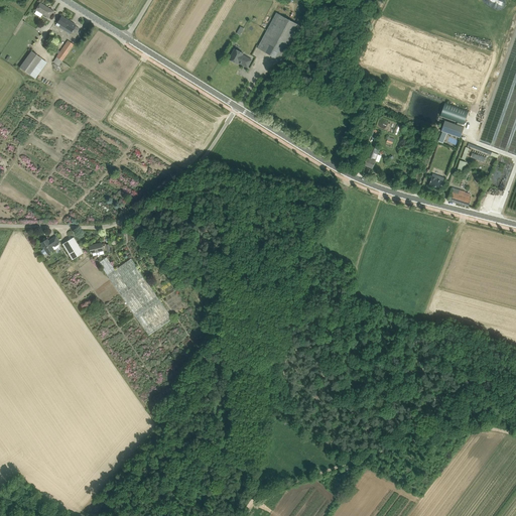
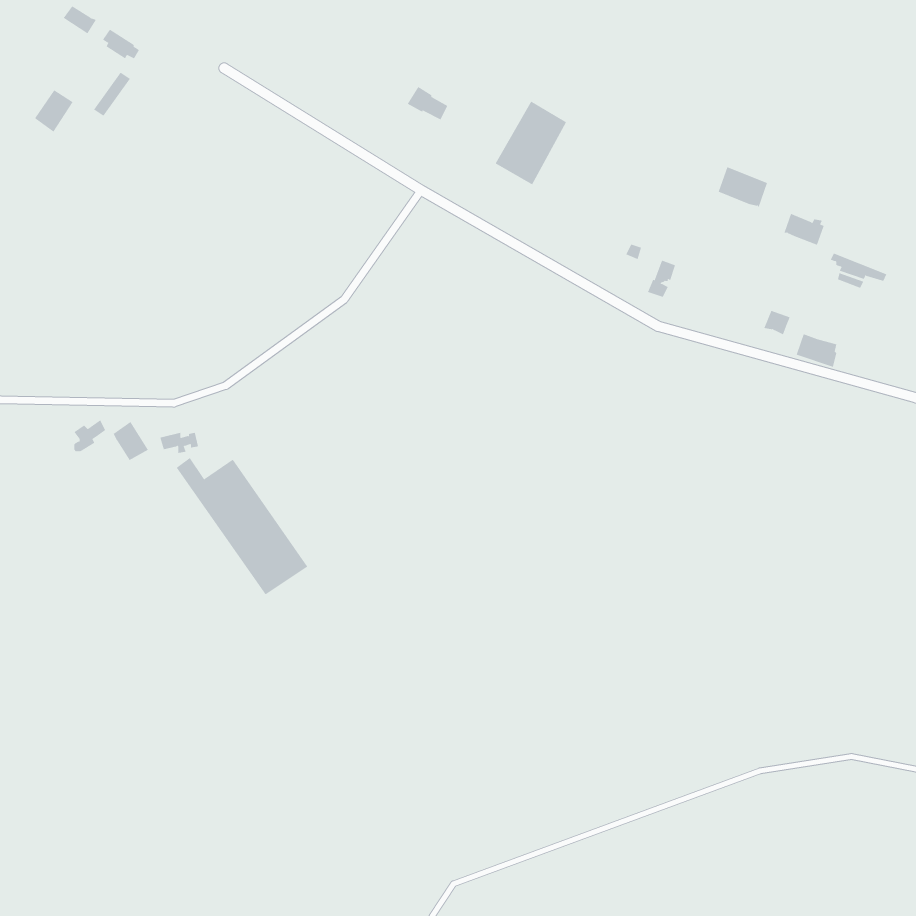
building: [257,12,297,59] -> [495,101,567,185]
building: [440,102,469,125] -> [718,167,768,208]

